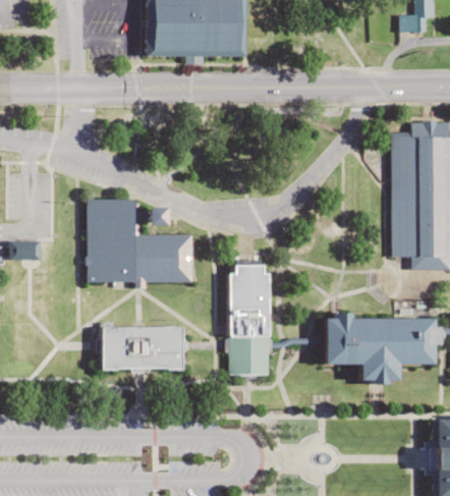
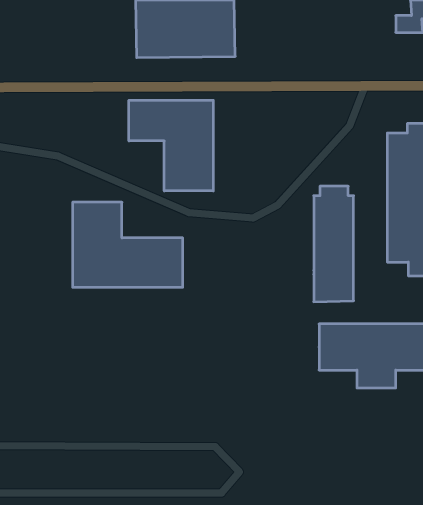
building: none -> [129,100,213,191]
building: [230,264,269,376] -> [314,186,354,302]
building: [103,326,184,369] -> none

